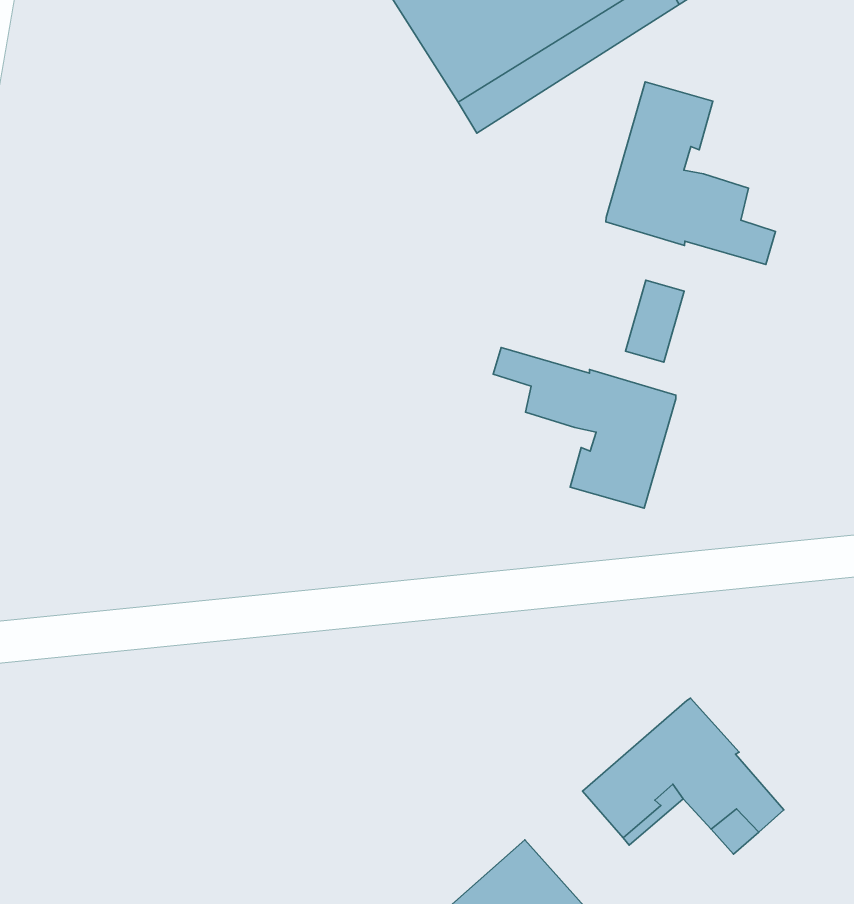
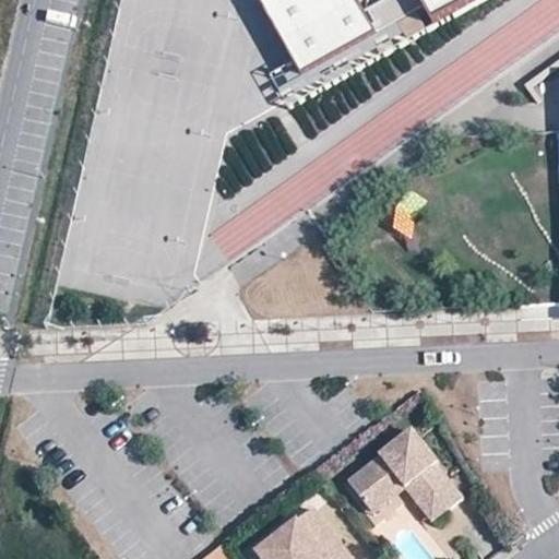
building: [606,82,775,264] -> none
building: [493,348,676,508] -> none

